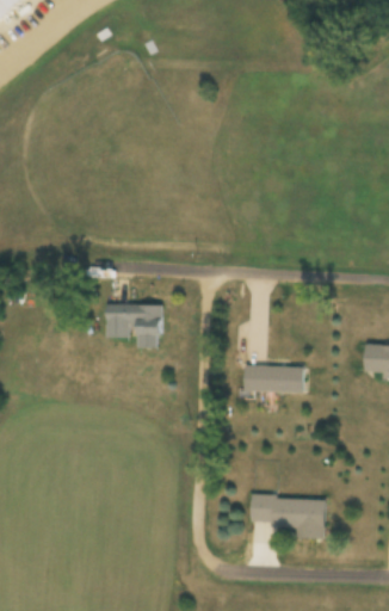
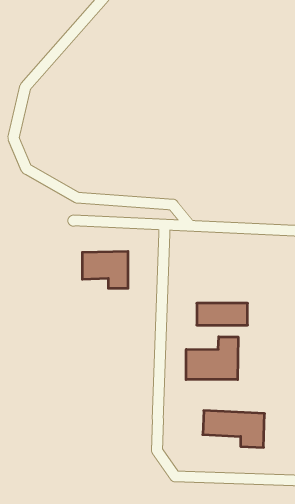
building: none -> [186,337,238,380]

